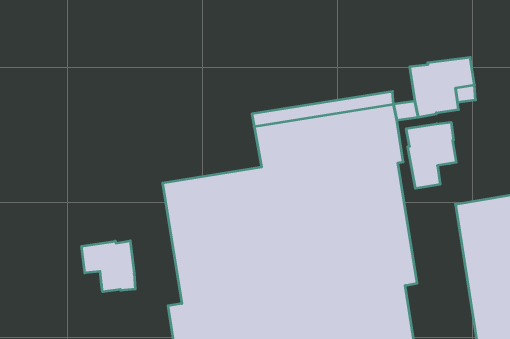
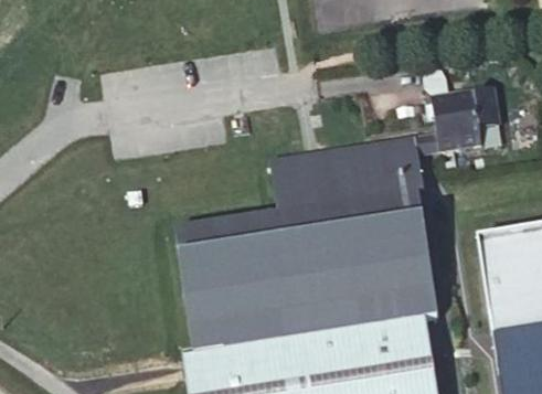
building: [406,122,456,188] -> none
building: [82,241,135,292] -> none

